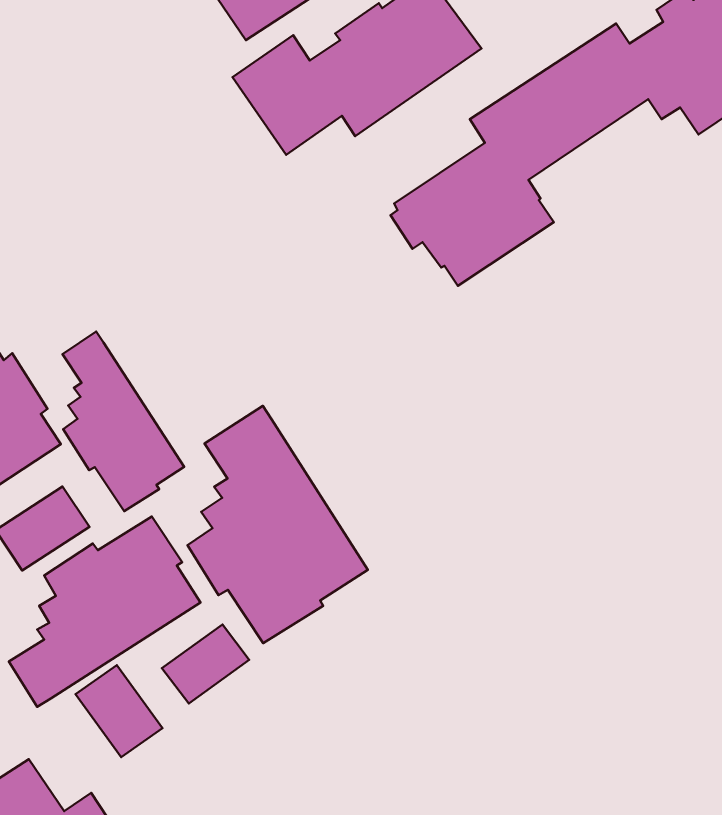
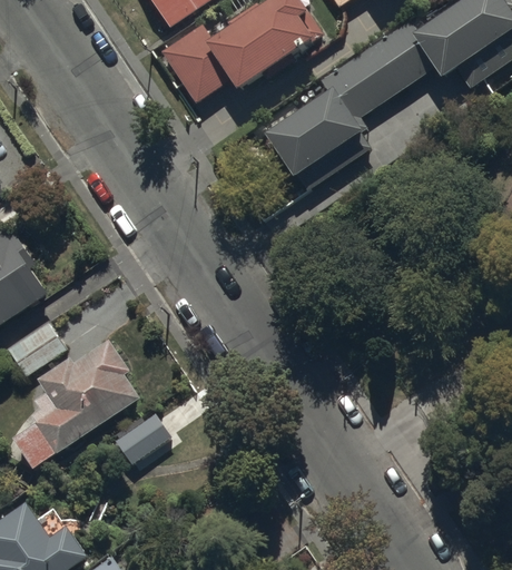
building: [62,332,184,511] -> none
building: [188,406,368,643] -> none
building: [76,665,162,757] -> none

